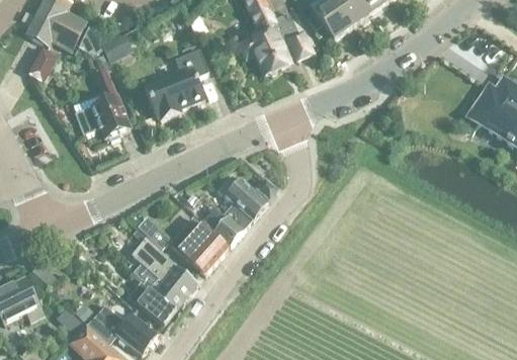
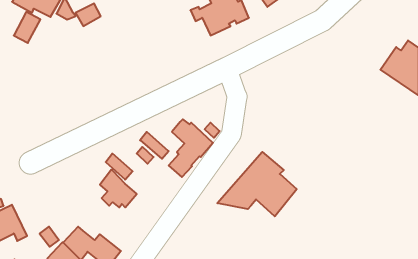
building: [143,48,207,119] -> none
building: [74,69,130,138] -> none
building: none -> [217,152,297,216]
building: [178,224,227,273] -> none
building: [126,264,197,325] -> none

